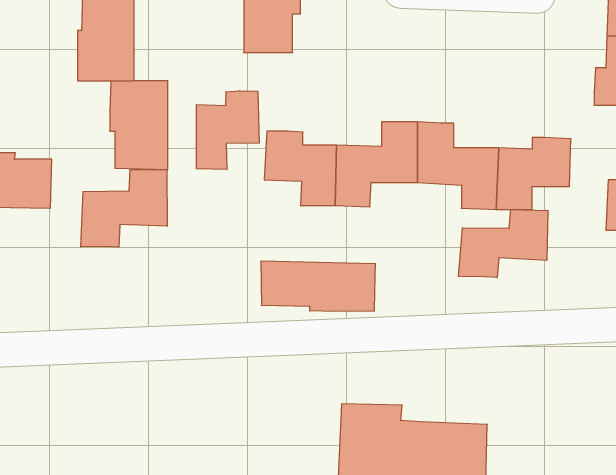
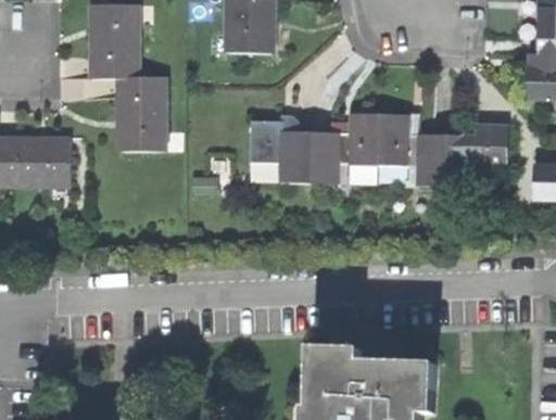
building: [196,91,259,170] -> none
building: [81,170,167,247] -> none
building: [459,210,548,278] -> none
building: [261,261,375,311] -> none

